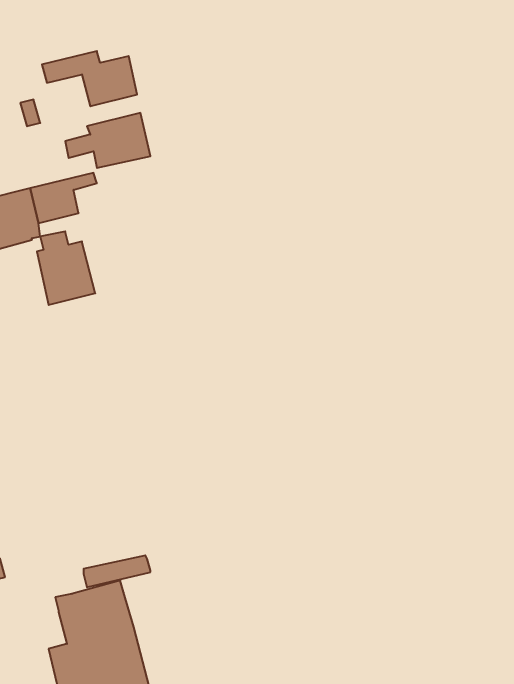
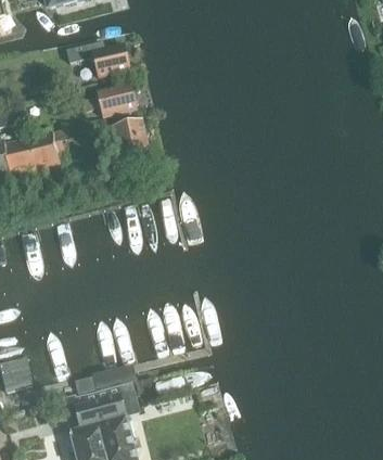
building: [37,231,95,305] -> [112,112,150,159]

